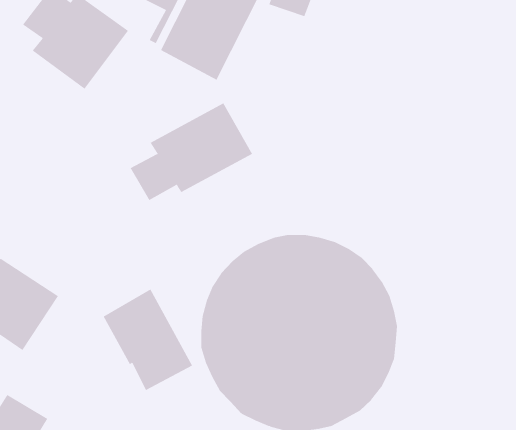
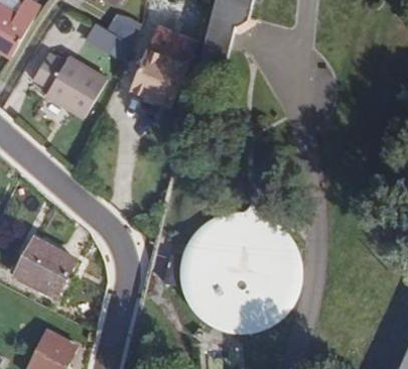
building: [130,103,253,201] -> none
building: [103,288,193,391] -> none

